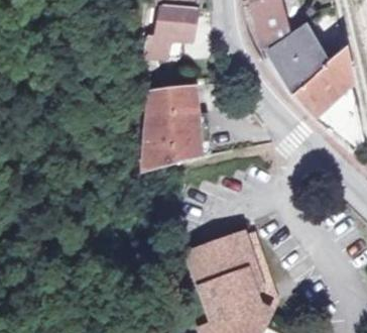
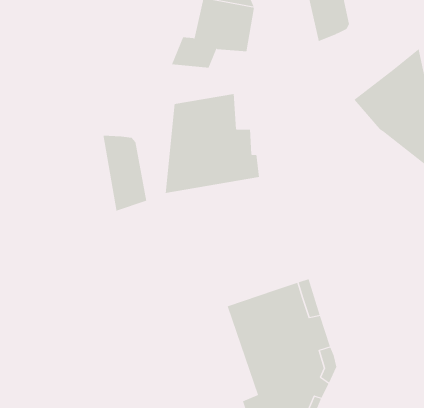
building: [268,25,321,86] -> none
building: none -> [103,135,147,211]

